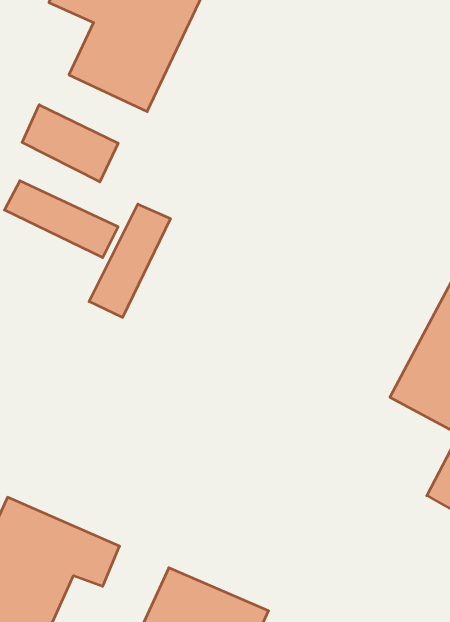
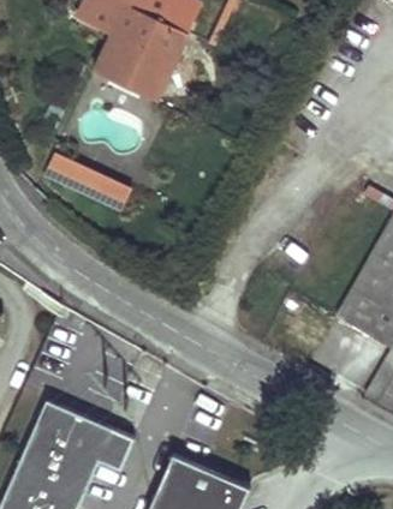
building: [22,105,118,182] -> none
building: [89,204,170,317] -> none

